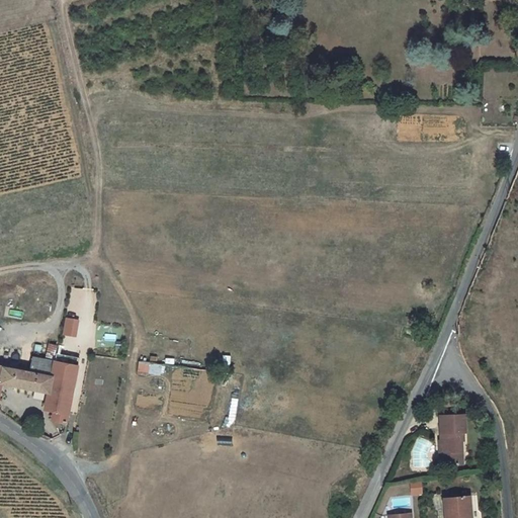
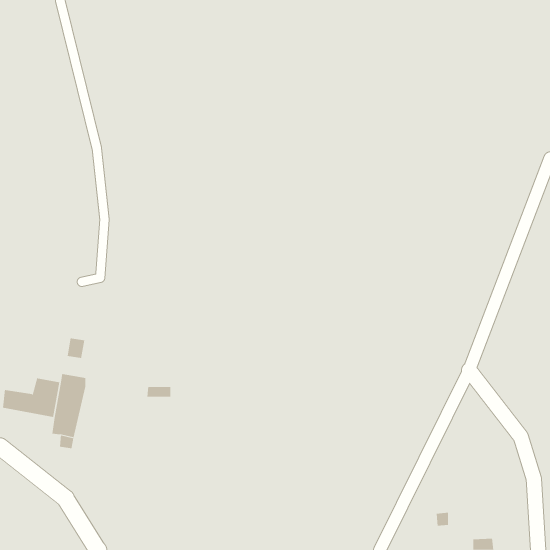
building: [435,423,461,472] -> none

